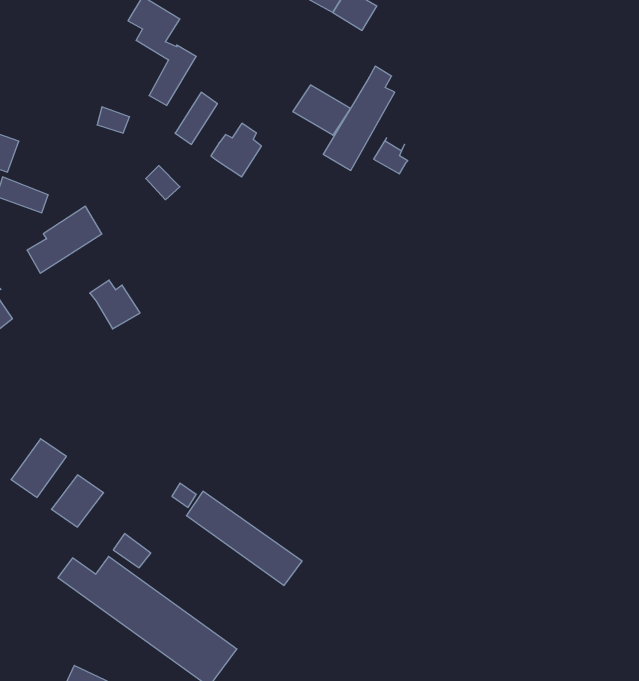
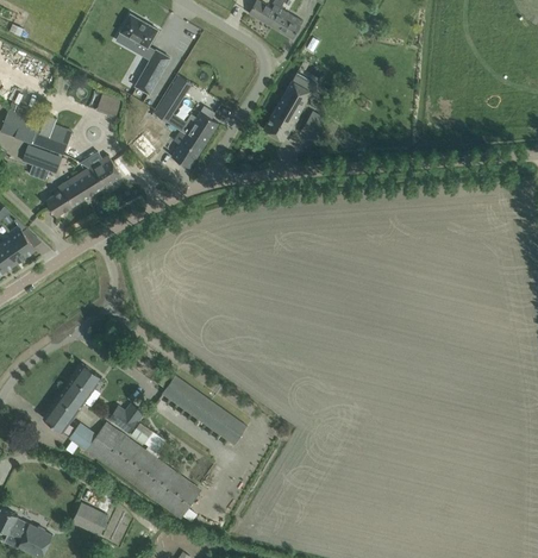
building: [293,85,351,135] -> none
building: none -> [32,120,73,155]
building: none -> [171,134,204,169]
building: [90,280,140,329] -> [85,152,121,188]
building: [11,439,66,497] -> [43,389,83,432]

